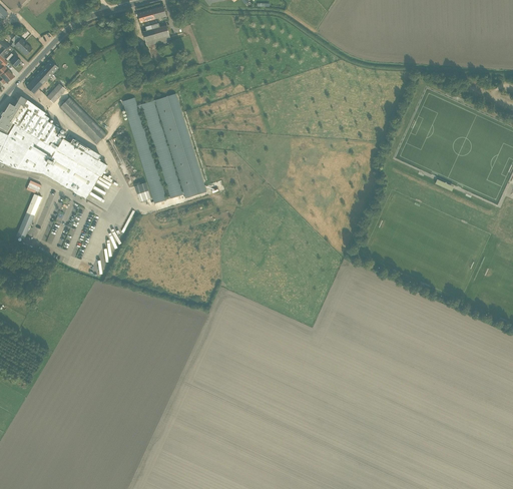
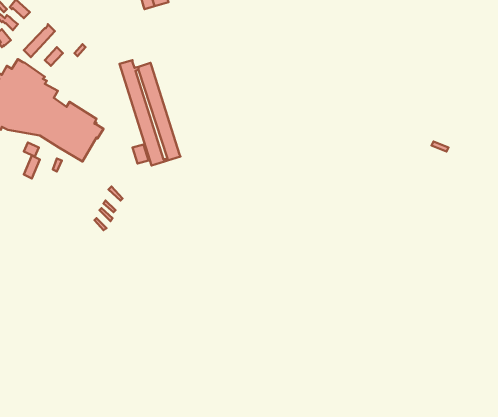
building: [153,95,196,195] -> none
building: [59,96,106,143] -> none

